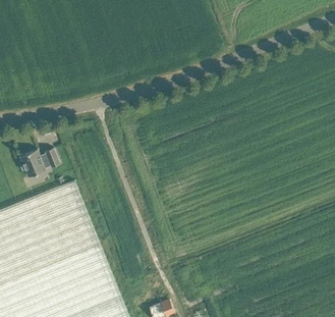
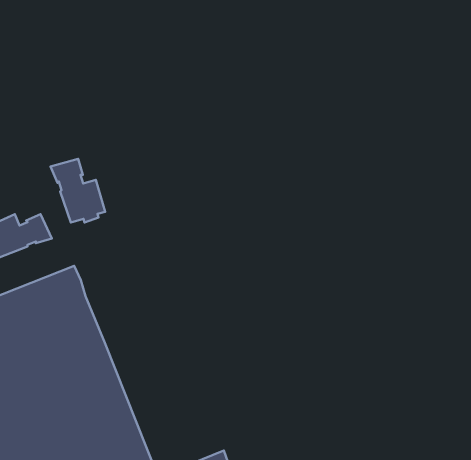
building: none -> [50,159,105,223]

